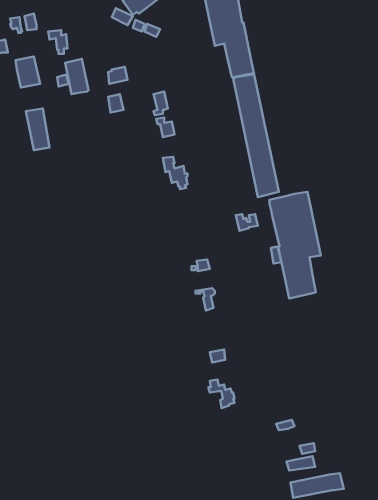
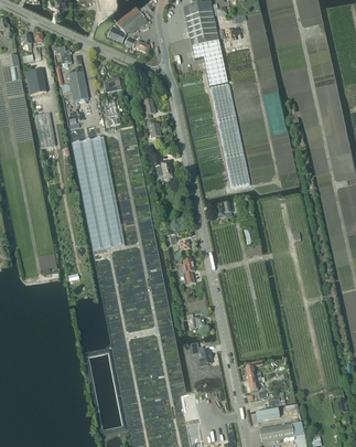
building: none -> [72,137,125,251]
building: [269,192,321,299] -> none

